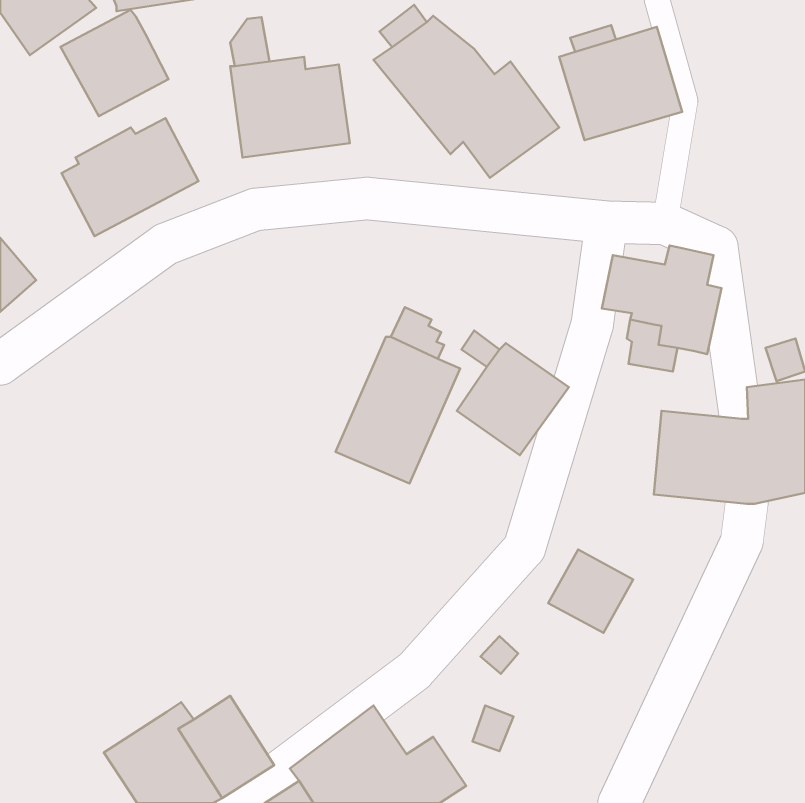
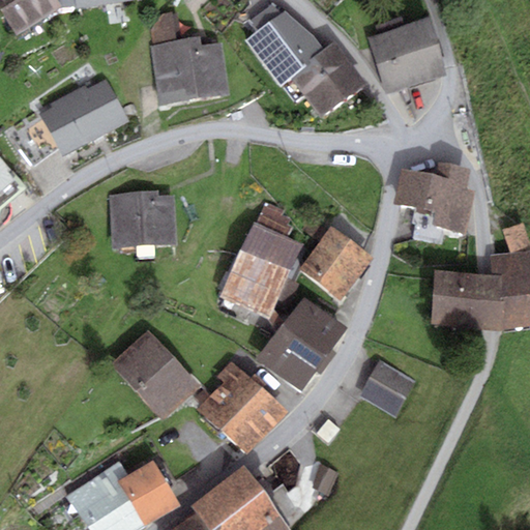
building: [61,10,169,116] -> none
building: none -> [108,189,177,248]
building: none -> [254,296,348,393]
building: none -> [111,328,201,420]
building: none -> [198,363,288,455]

